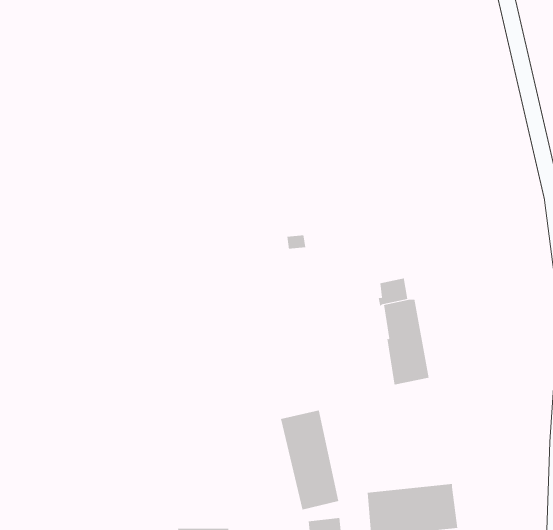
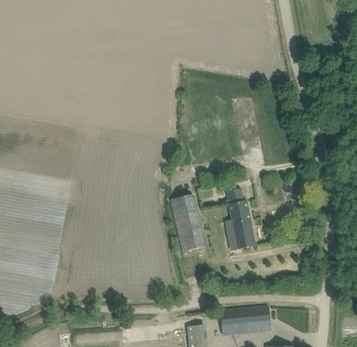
building: [280,410,339,510] -> [170,195,204,251]

